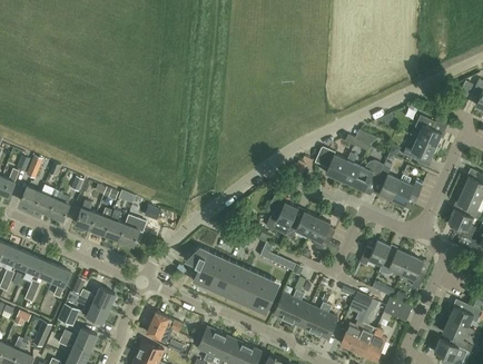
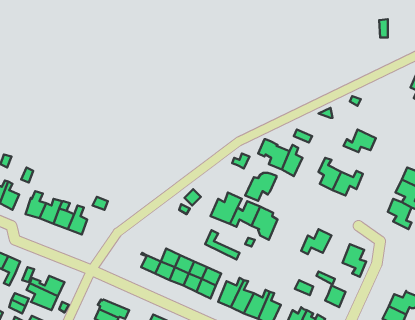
building: [414,116,441,147] -> none
building: [351,163,383,191] -> [245,173,277,201]
building: [185,247,219,274] -> none
building: [378,249,408,275] -> none

